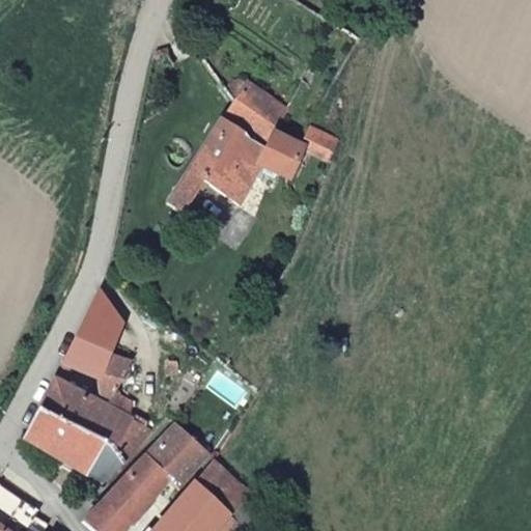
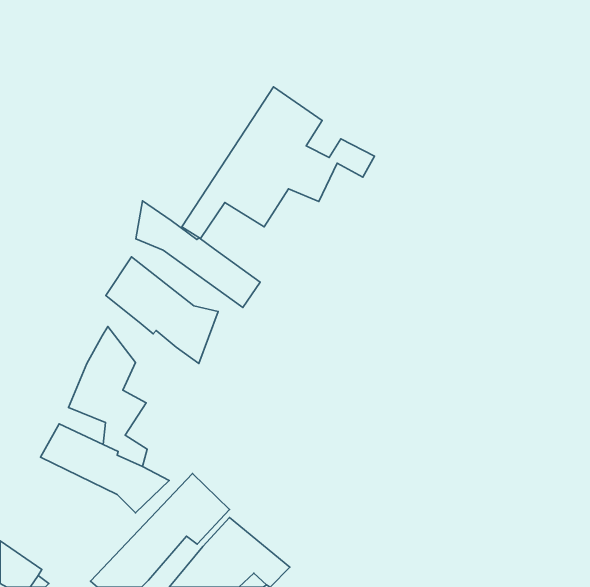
building: none -> [136,201,260,307]
building: none -> [106,257,218,364]
building: [18,410,123,482] -> none

